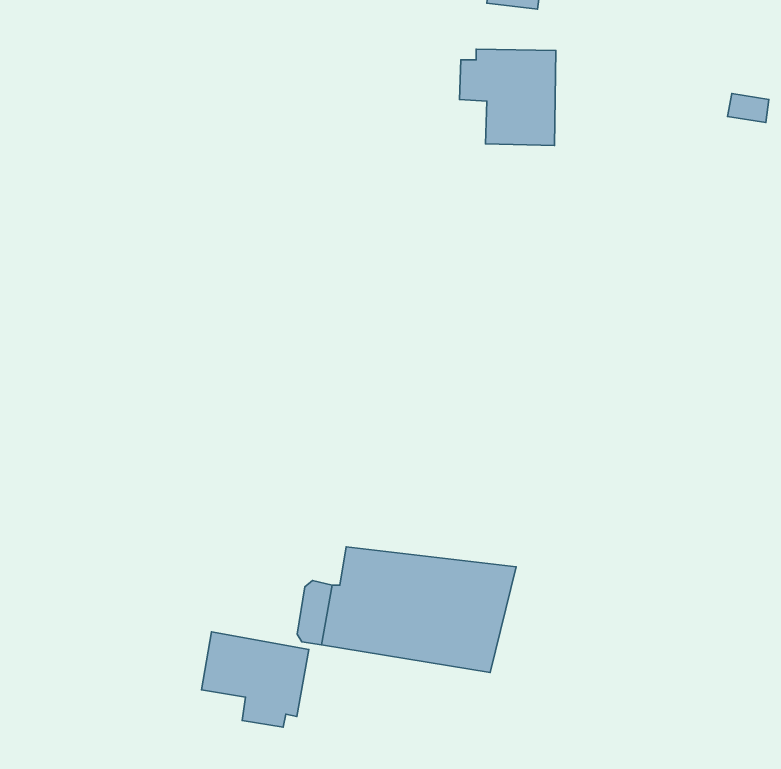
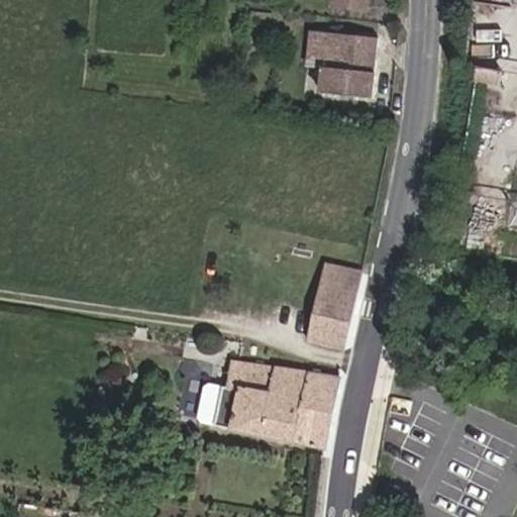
building: none -> [310,262,363,346]
building: [201,632,309,727] -> none

